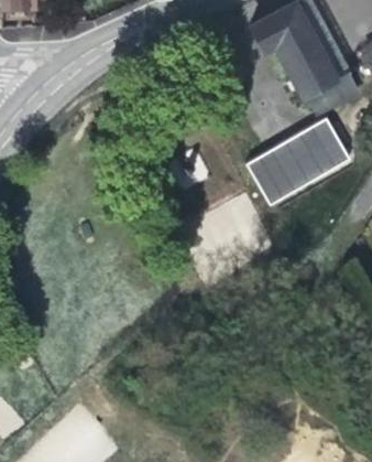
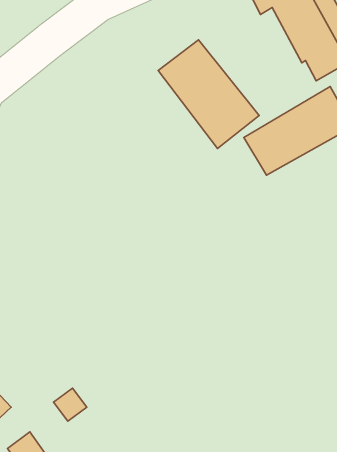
building: none -> [158,40,259,149]

